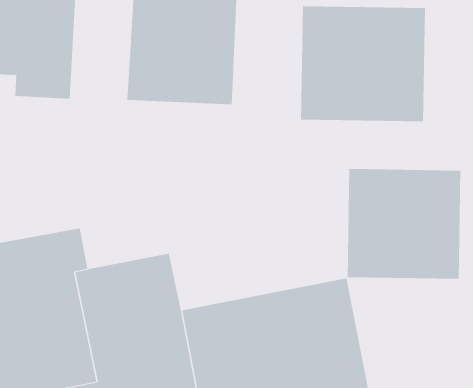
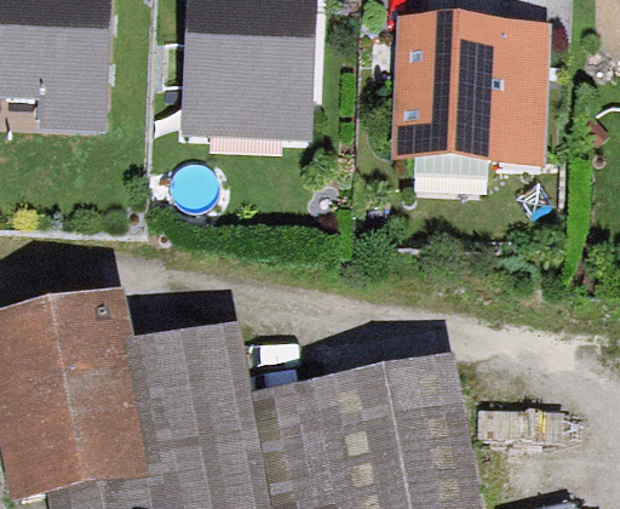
building: [347,168,461,280] -> none

